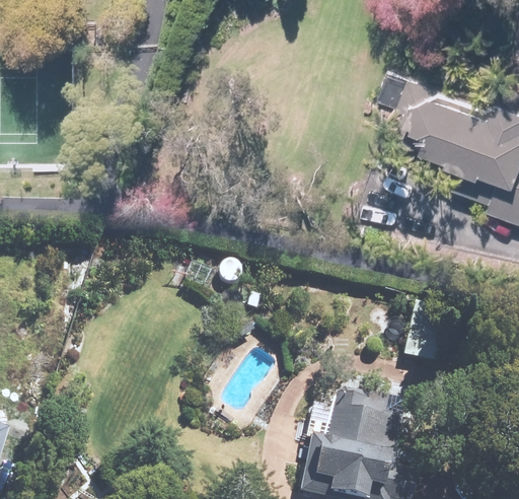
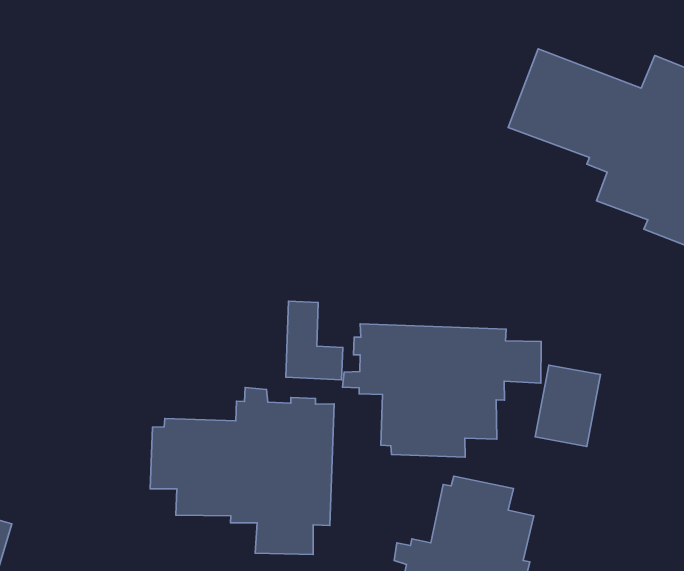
building: none -> [343,324,541,457]
building: none -> [150,388,334,554]

